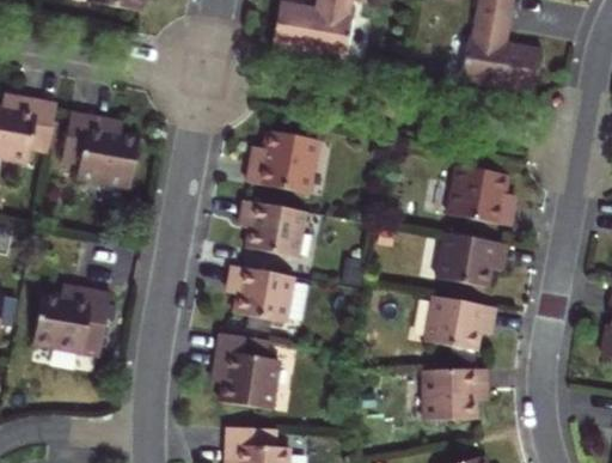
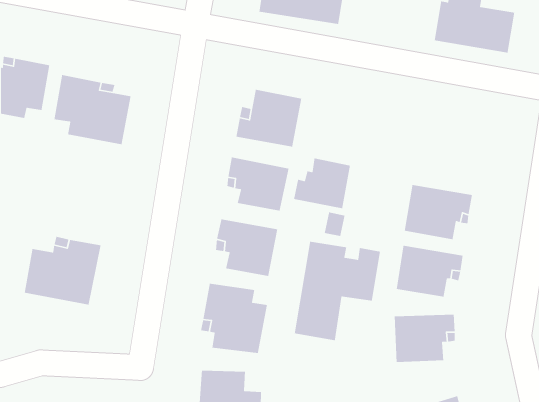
building: [439,166,502,223] -> none
building: none -> [293,157,351,209]
building: none -> [294,241,381,341]

